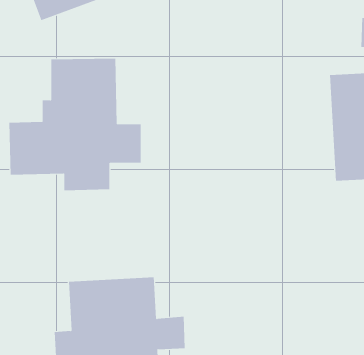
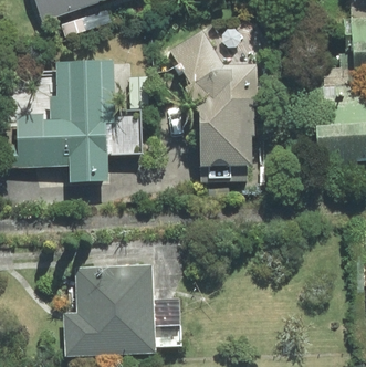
building: none -> [167,29,255,167]

